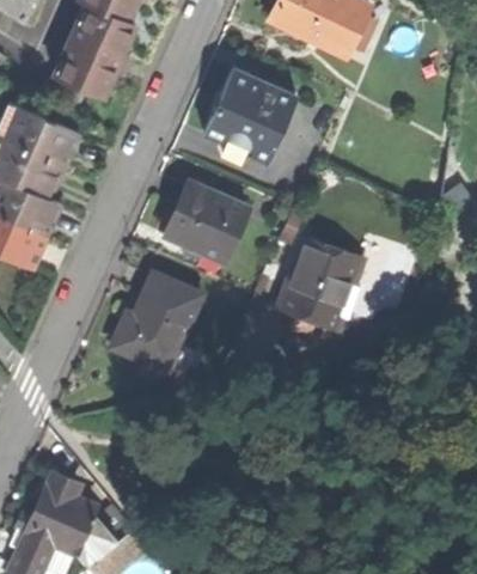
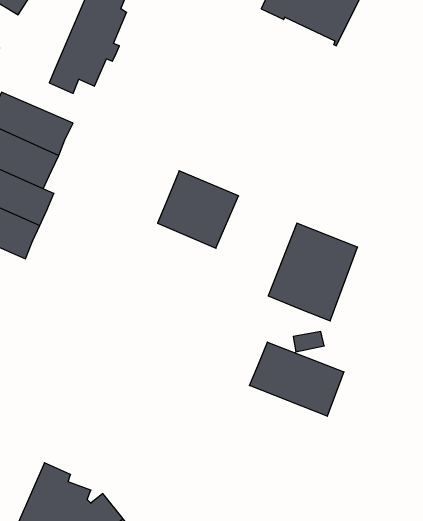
building: [204,67,296,160] -> none
building: [111,273,200,371] -> none
building: none -> [249,342,344,416]

